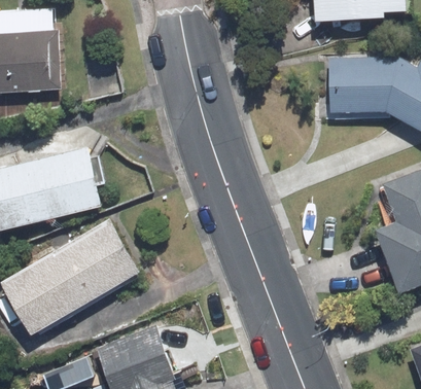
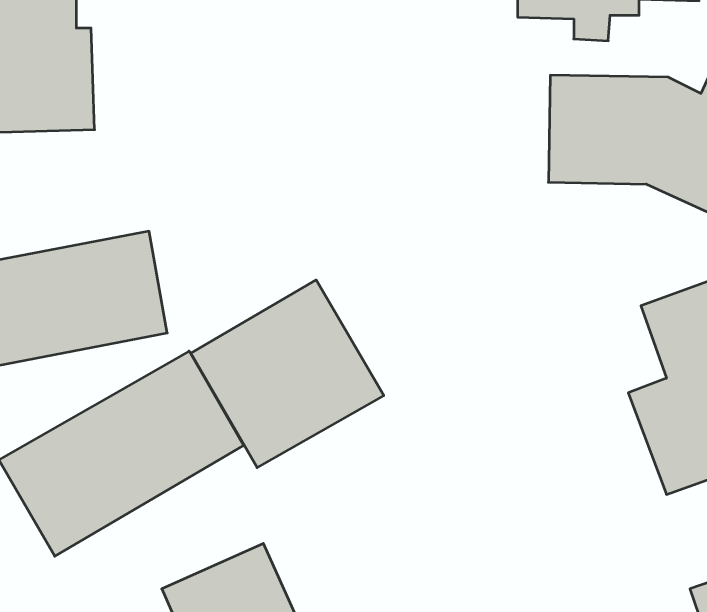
building: none -> [191,280,384,468]

